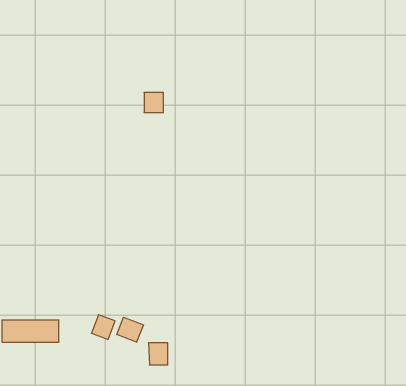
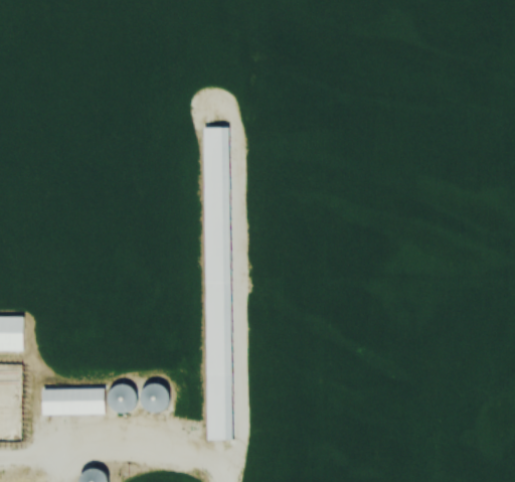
building: none -> [112,384,133,412]
building: [117,317,143,342] -> none

